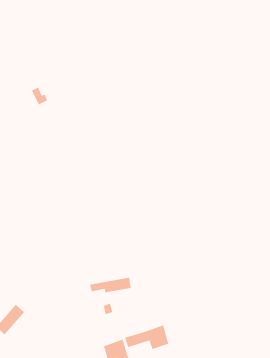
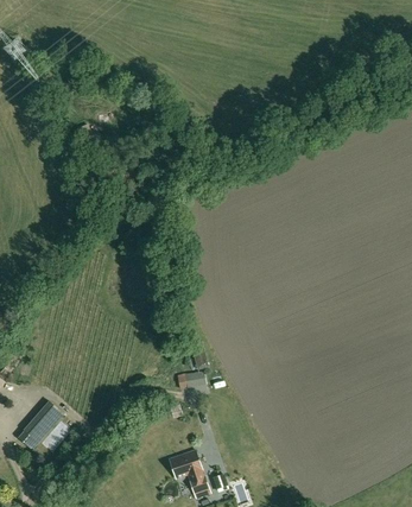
building: [124,325,169,350] -> none

